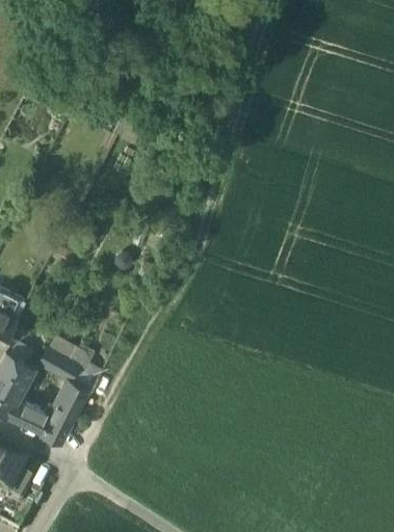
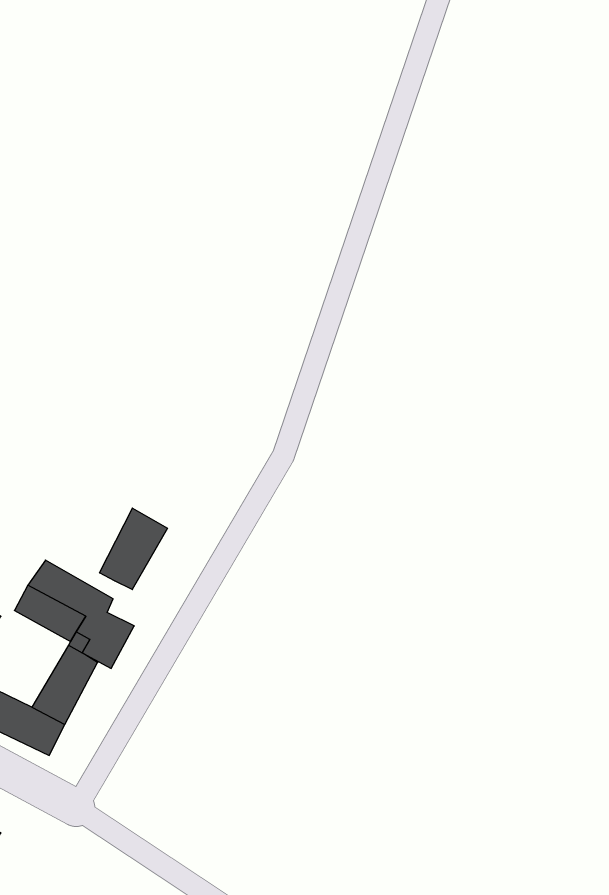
building: none -> [100,508,167,590]

